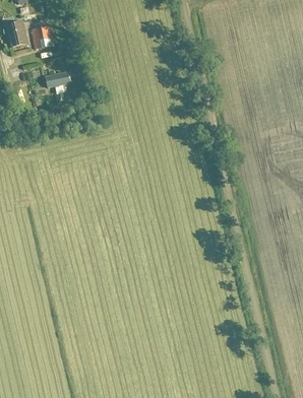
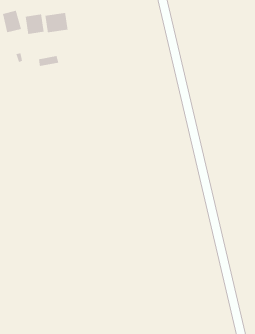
building: none -> [45,12,68,33]

